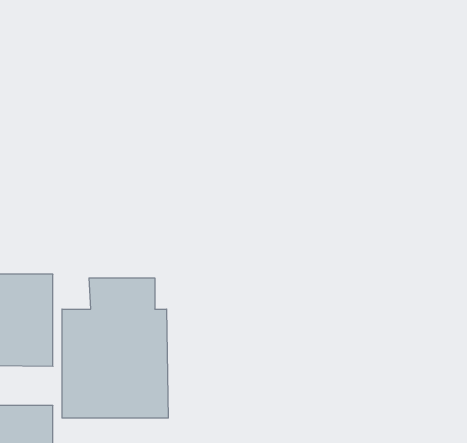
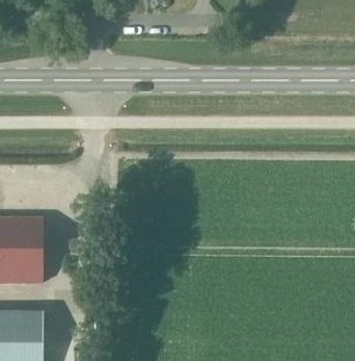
building: [62,278,168,418] -> none

